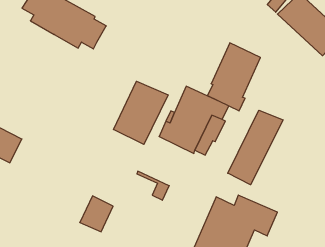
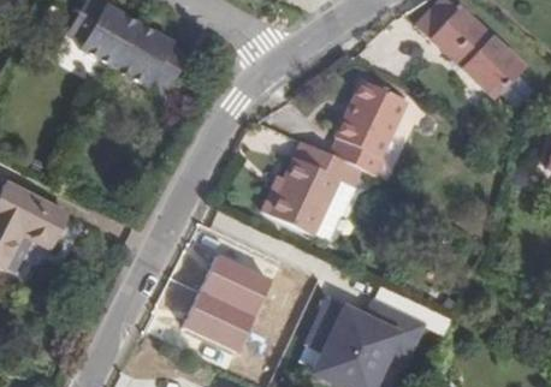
building: [114,81,168,144] -> none
building: [228,110,283,185] -> none
building: none -> [199,286,247,334]

